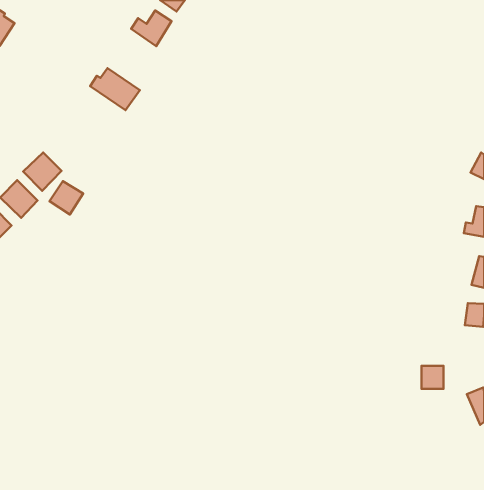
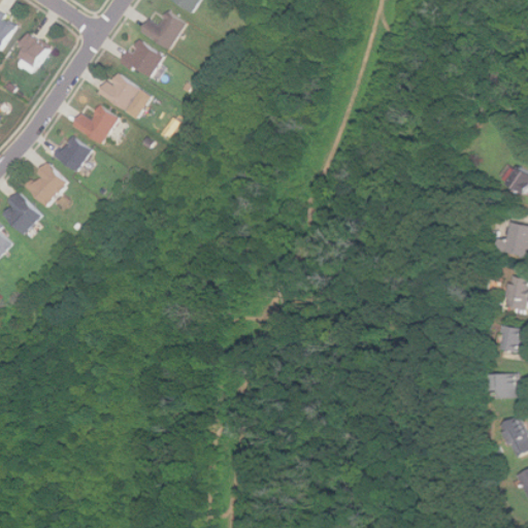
building: none -> [16,34,50,67]
building: none -> [121,38,163,80]
building: none -> [73,106,118,143]
building: [50,181,83,215] -> [55,136,91,172]
building: [422,366,444,389] -> [493,373,517,398]

